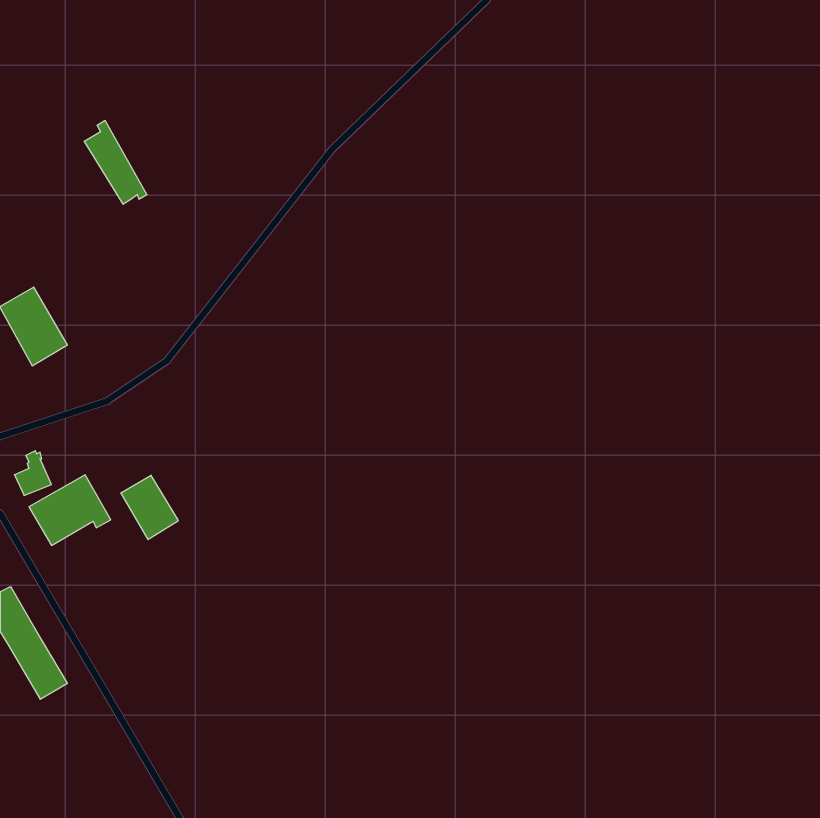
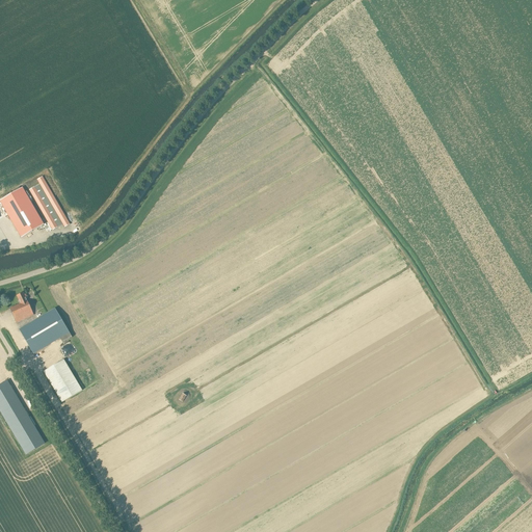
building: [84,121,147,204] -> [29,176,70,230]
building: [121,475,178,540] -> [44,360,81,401]

